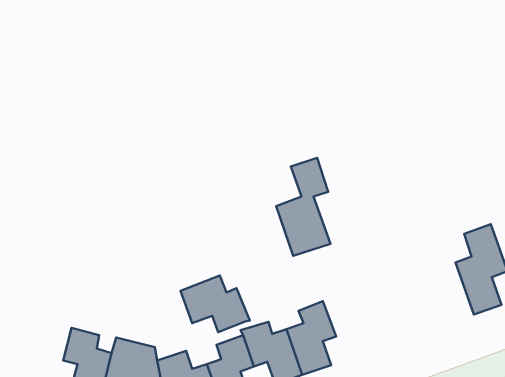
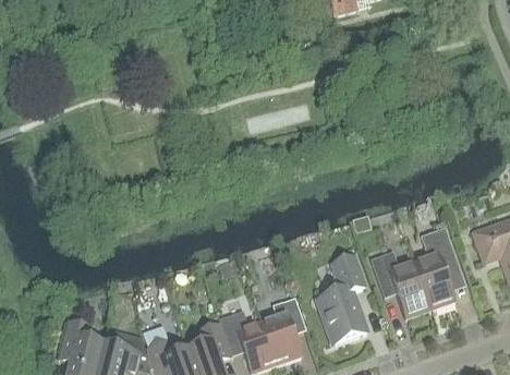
building: [276,158,331,256] -> [317,252,366,340]
building: none -> [371,249,429,315]
building: [180,275,250,332] -> none

